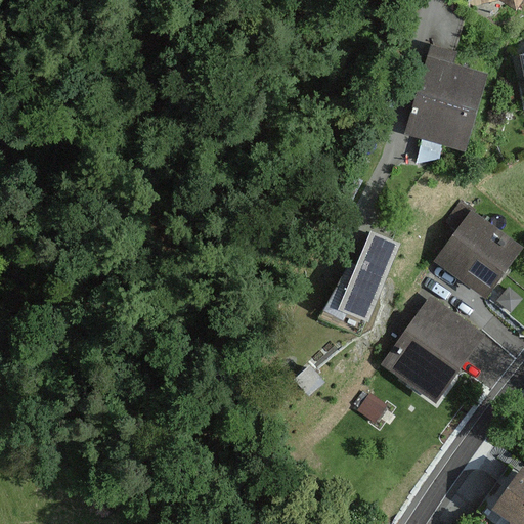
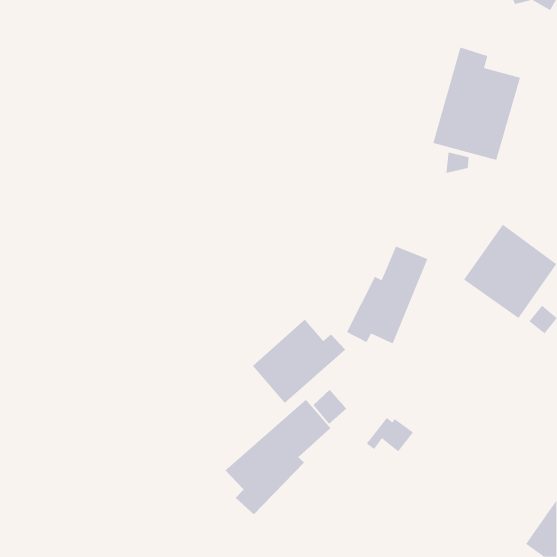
building: [381,296,484,402] -> none
building: none -> [252,319,346,404]
building: none -> [225,399,331,515]

